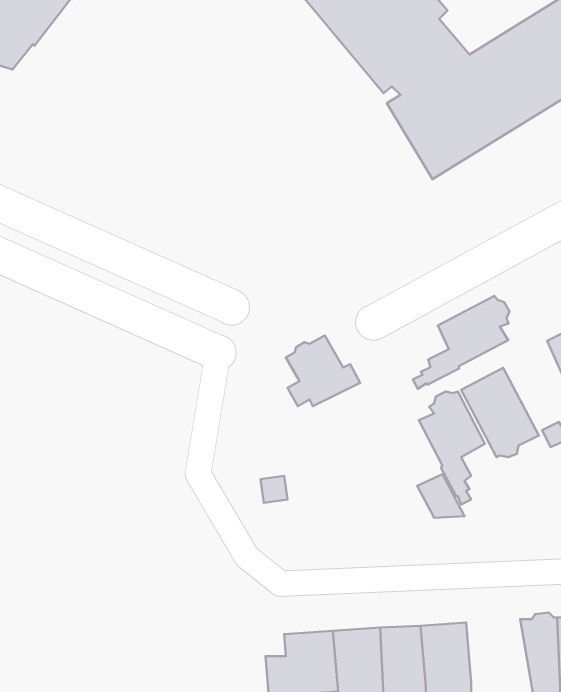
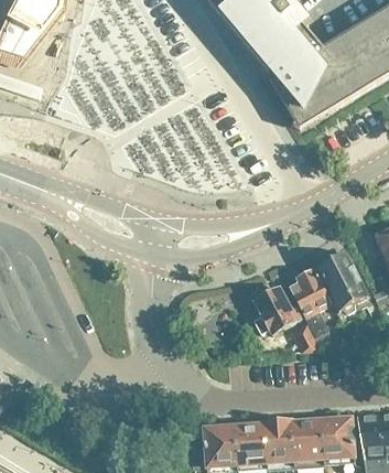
building: [413,296,509,389] -> none
building: [286,335,360,406] -> [253,286,302,332]
building: none -> [322,416,354,458]

